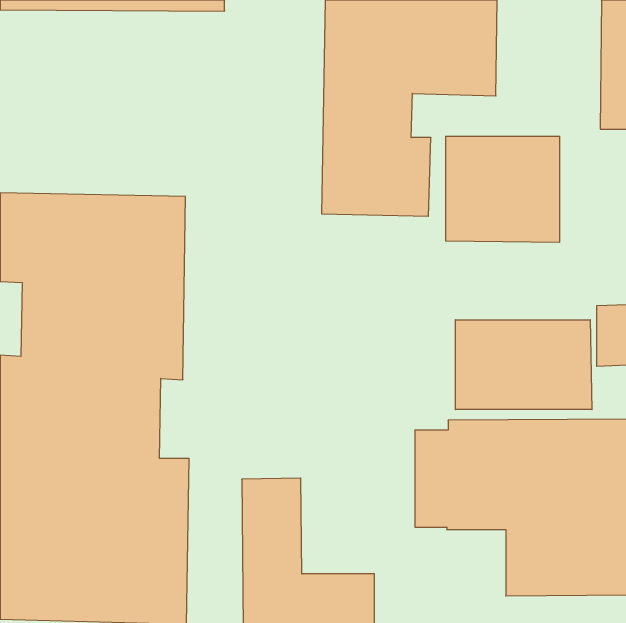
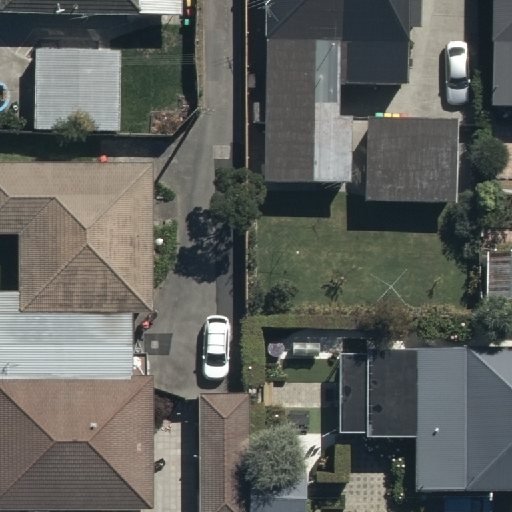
building: none -> [32,50,121,133]
building: [455,320,592,410] -> none

